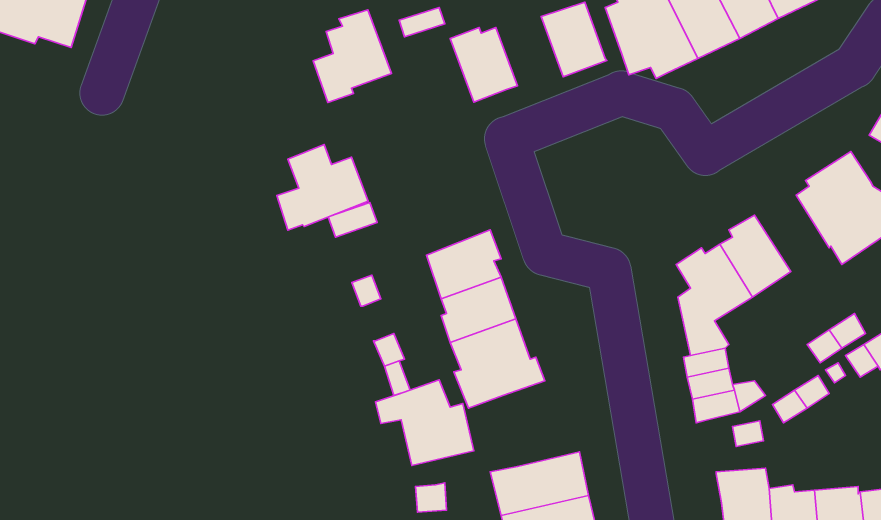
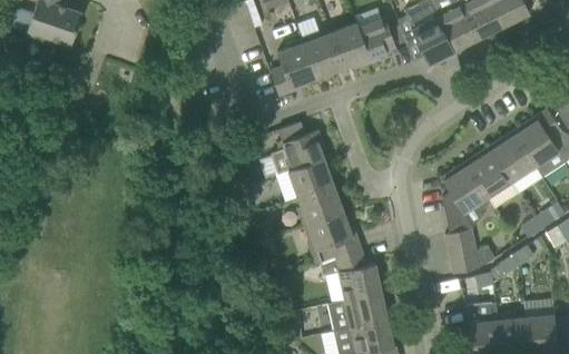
building: [313,10,392,103] -> [269,39,317,96]
building: none -> [331,22,372,68]
building: [277,145,368,230] -> [272,121,327,174]
building: none -> [489,135,534,181]
building: [376,380,474,465] -> [322,248,382,301]

